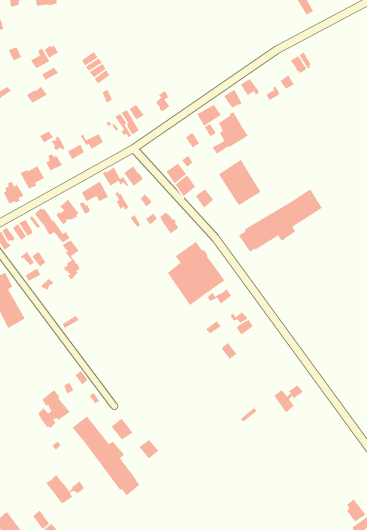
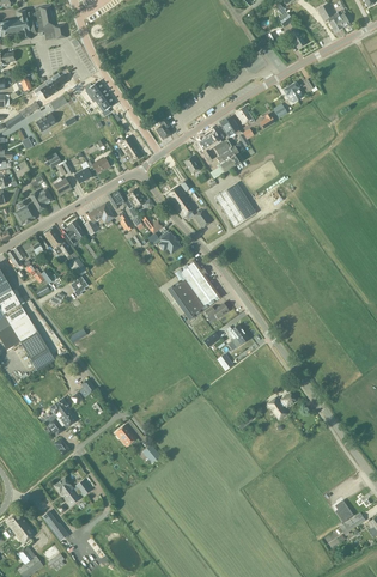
building: [238,188,323,253] -> none
building: none -> [19,330,55,371]
building: [72,415,140,496] -> none

